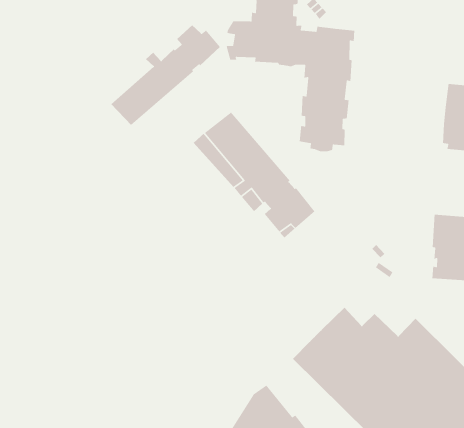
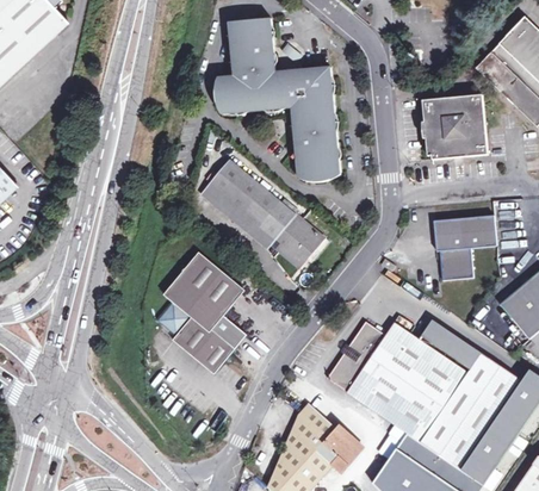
building: [111,25,221,126] -> none
building: none -> [156,251,246,373]

